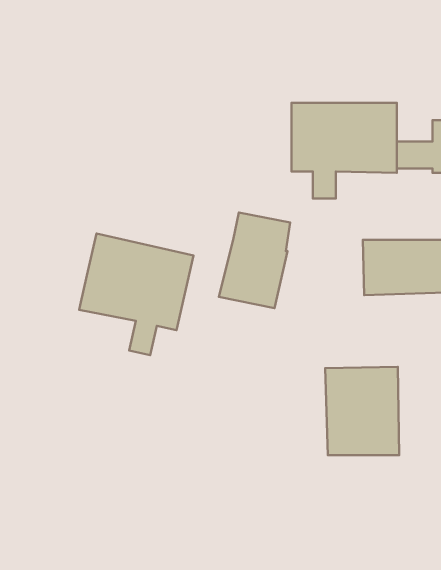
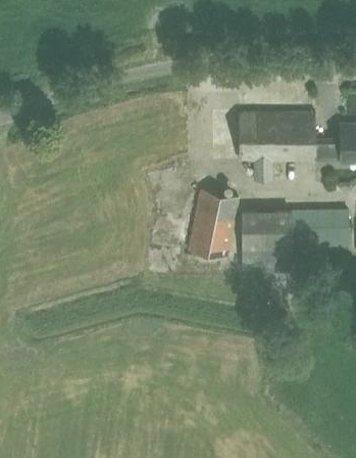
building: [79,234,193,355] -> none
building: [325,367,399,455] -> [238,209,291,272]

